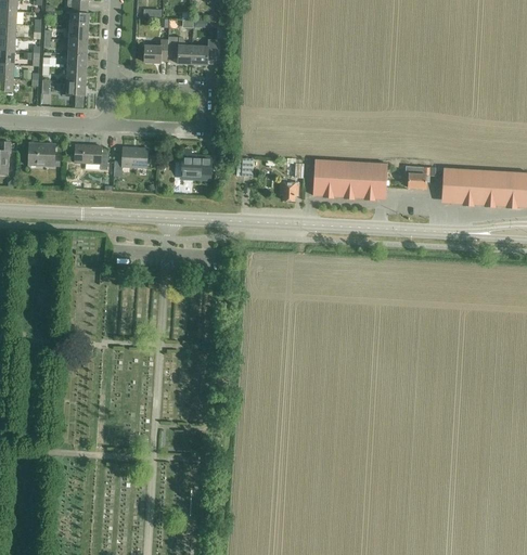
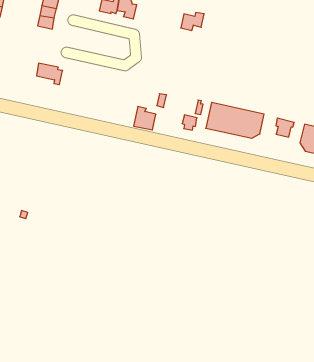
building: [191,41,219,66] -> [181,13,204,31]
building: [28,143,59,167] -> none
building: [113,147,146,177] -> none
building: [182,151,209,179] -> [134,106,156,130]

